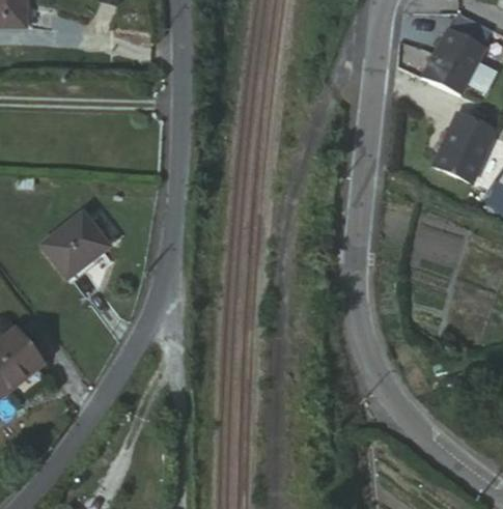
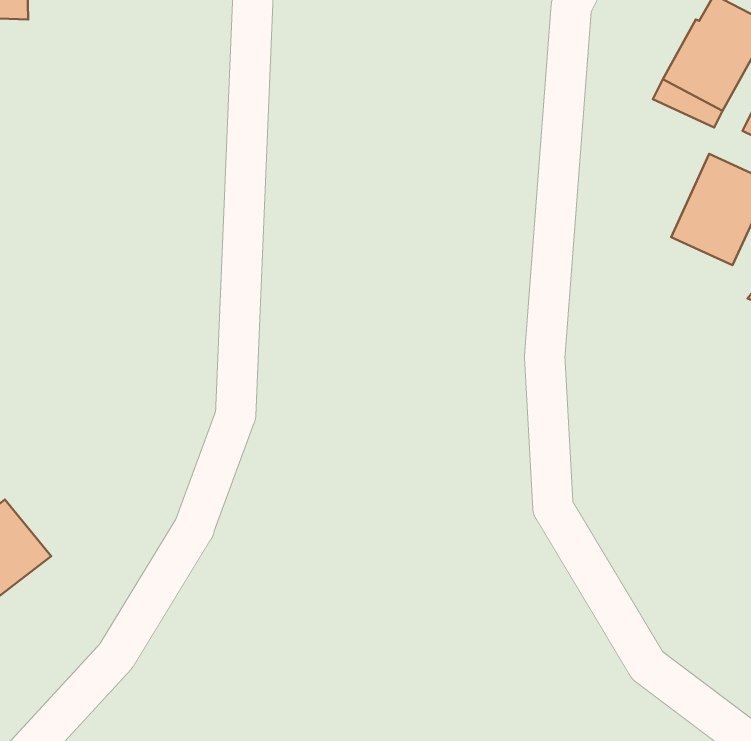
building: [40,209,111,277] -> none

